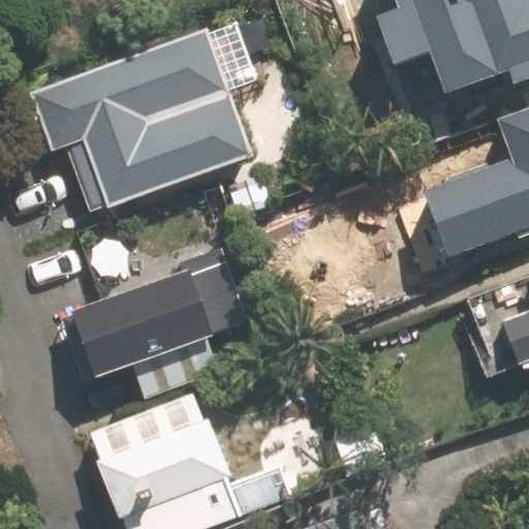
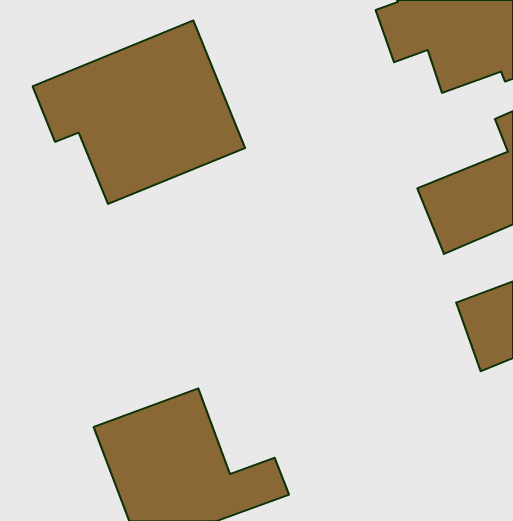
building: [71,240,248,382] -> none

